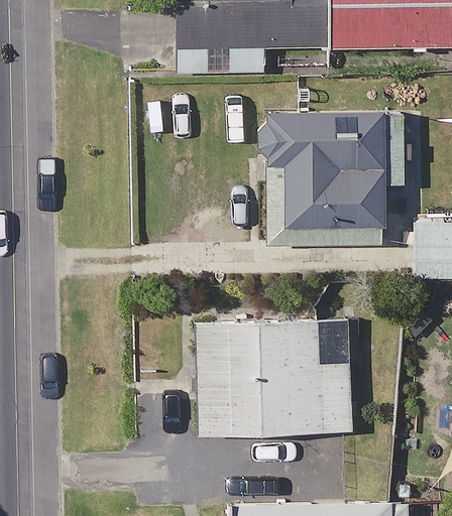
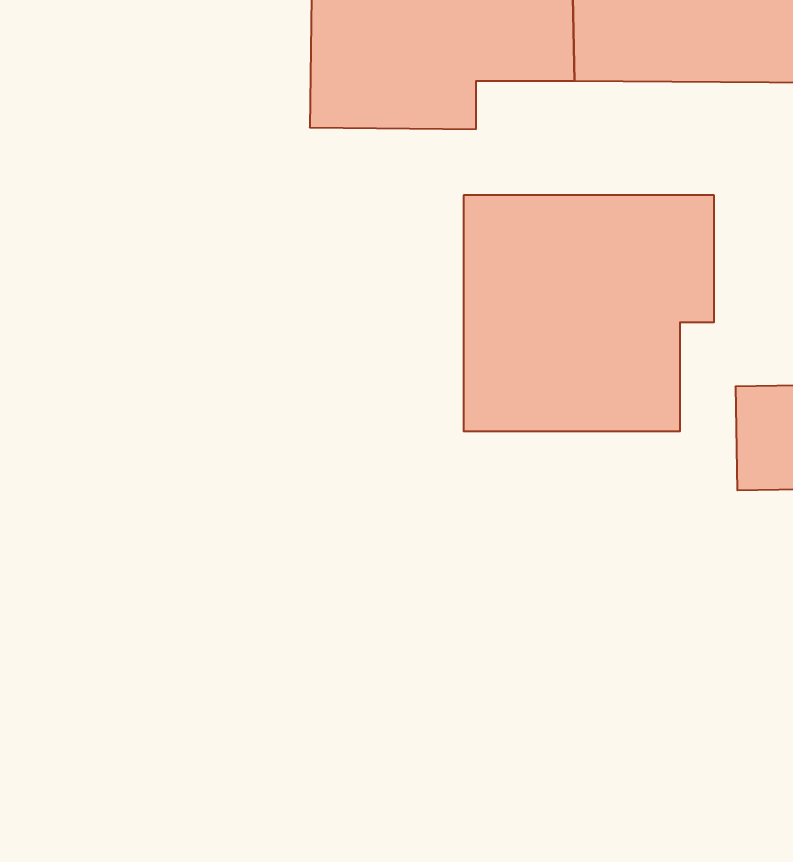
building: [198,319,350,437] -> none

